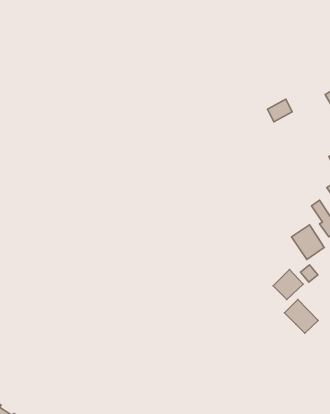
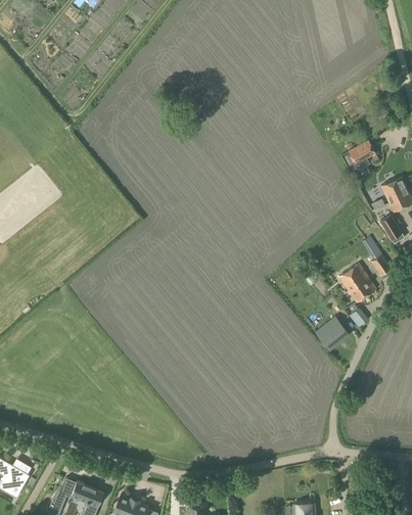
building: [268,99,292,122] -> [348,141,375,167]
building: [285,300,318,333] -> none

